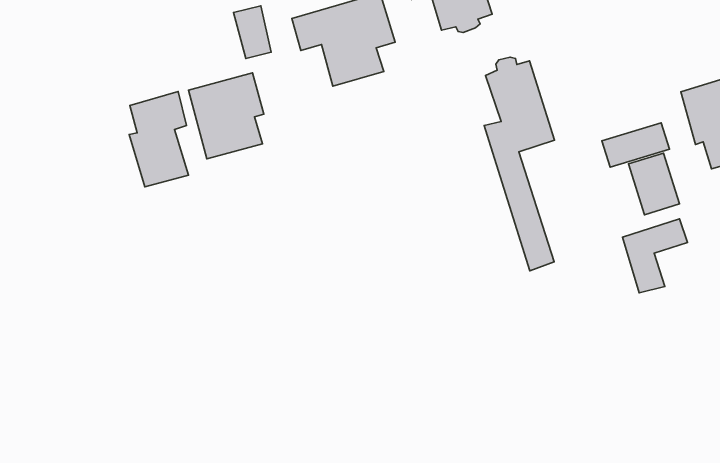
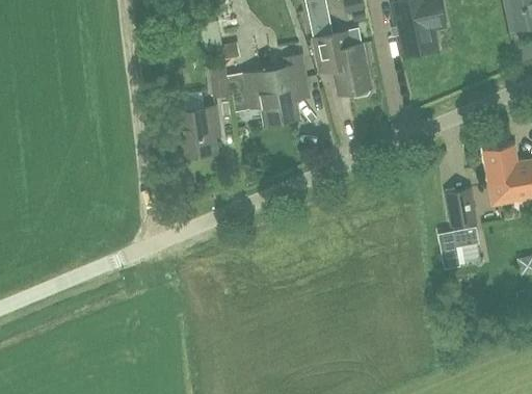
building: [484,57,555,271] -> none
building: [129,92,189,187] -> none
building: [602,123,669,167] -> none

